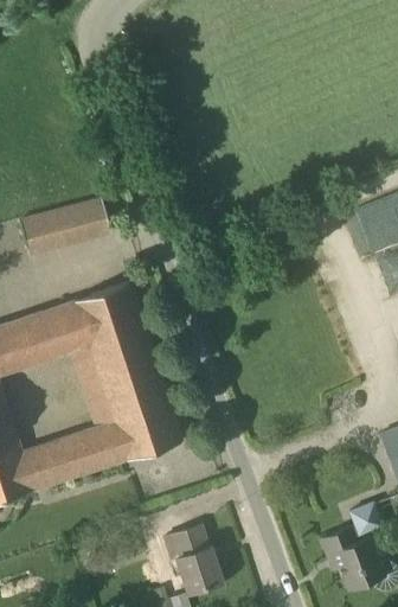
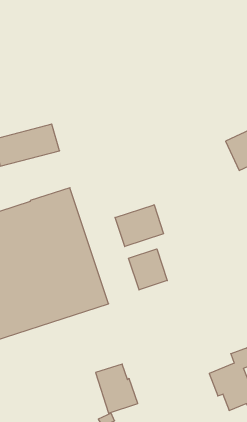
building: none -> [115,205,164,247]
building: none -> [129,249,167,290]

